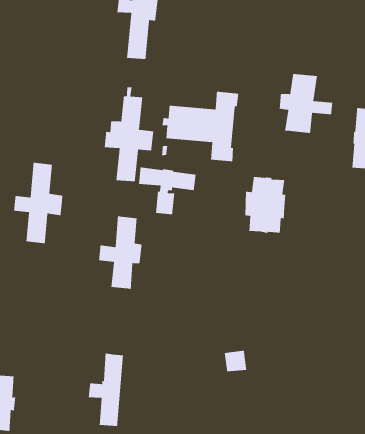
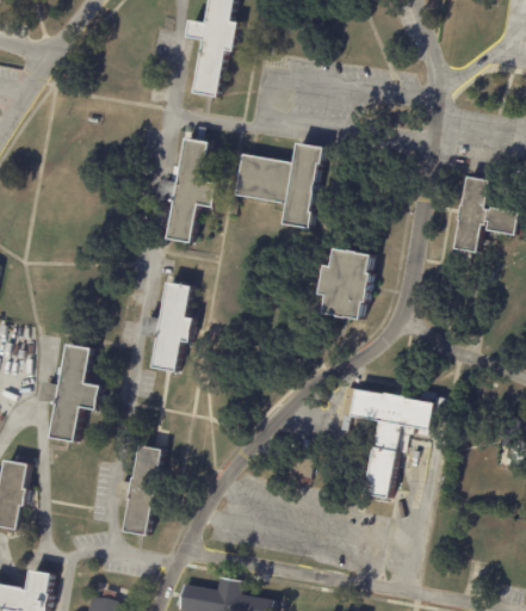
building: [279,73,333,134] -> none
building: [13,162,63,244] -> [37,342,99,443]
building: [138,167,197,215] -> none
building: none -> [335,387,439,500]

